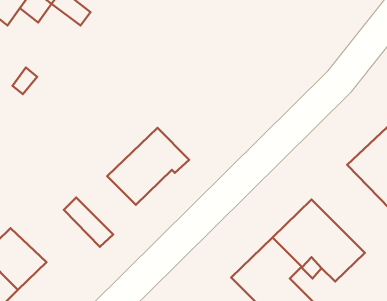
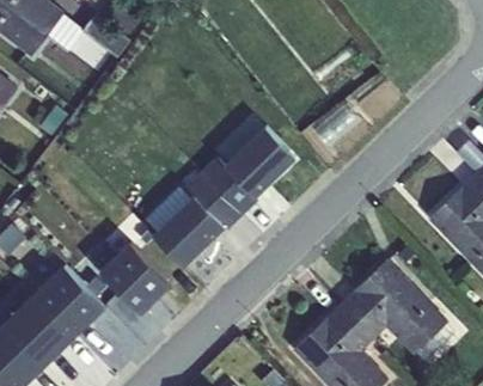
building: none -> [207,122,295,213]
building: none -> [112,240,172,300]
building: none -> [36,268,103,332]

